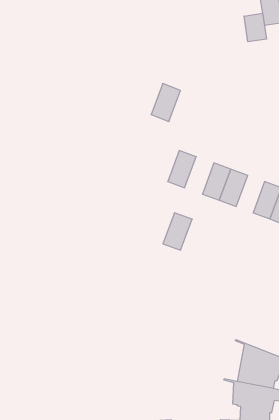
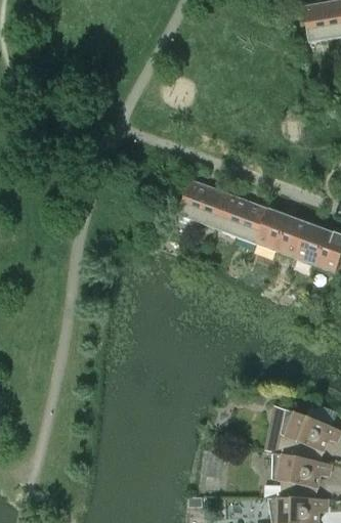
building: [244,13,266,42] -> none
building: [151,83,180,122] -> [176,178,210,222]
building: none -> [275,215,308,258]
building: [163,213,192,250] -> [216,193,250,236]

